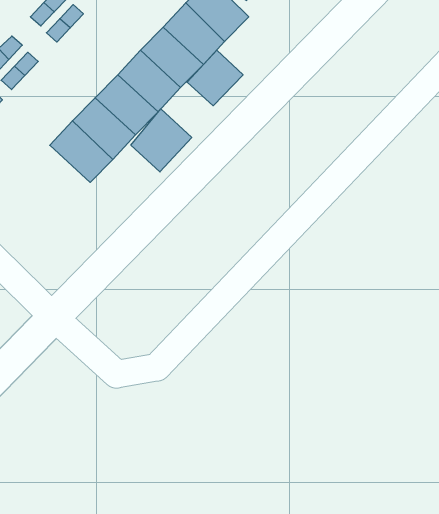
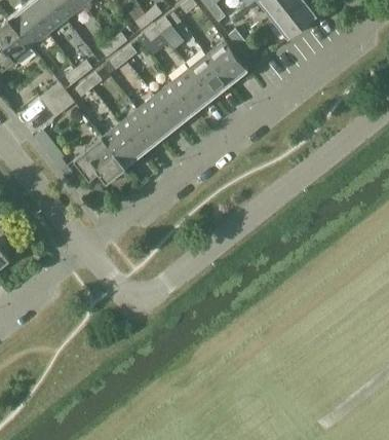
building: [187,50,243,106] -> none
building: [131,109,192,172] -> none
building: none -> [74,138,125,181]

